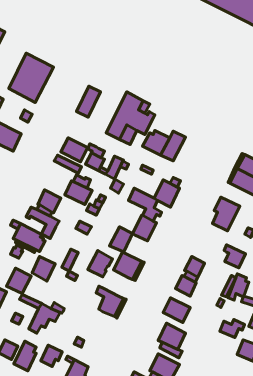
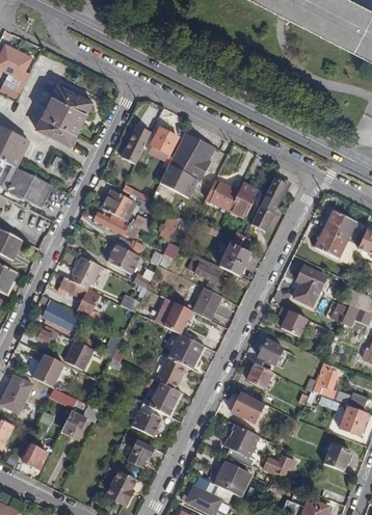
building: none -> [151,127,179,155]
building: none -> [251,178,288,232]
building: [224,245,245,268] -> [280,307,307,336]
building: [88,250,113,277] -> [156,356,187,389]
building: none -> [132,403,162,436]
building: [220,320,245,338] -> [264,455,295,478]
building: [14,341,36,371] -> none
building: [41,345,62,367] -> [128,440,155,467]

